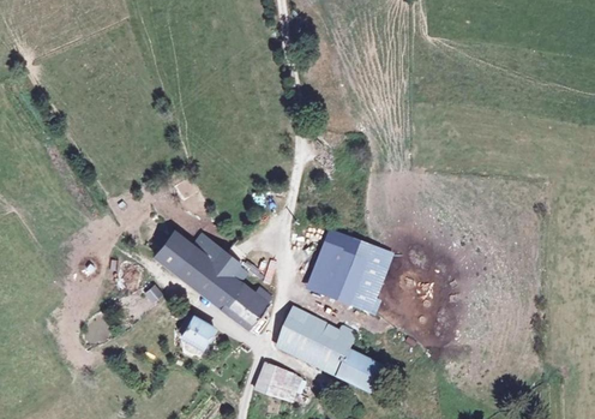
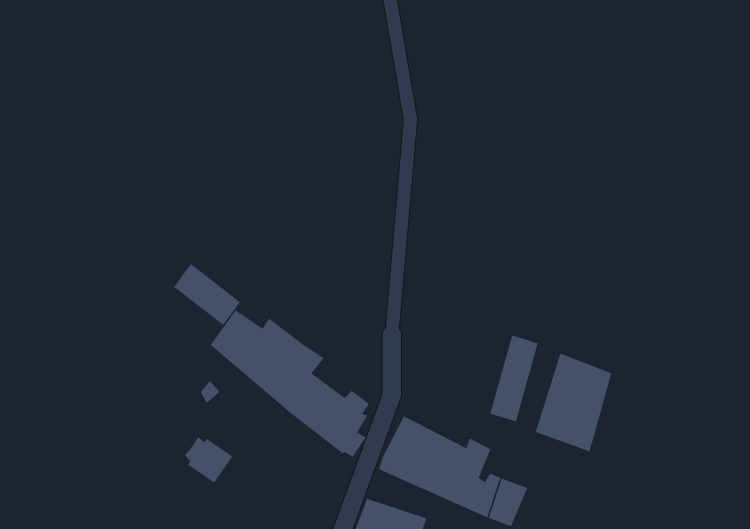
building: none -> [173,263,241,326]
building: [313,233,368,304] -> [535,353,612,452]
building: [181,317,216,351] -> [184,436,233,483]

